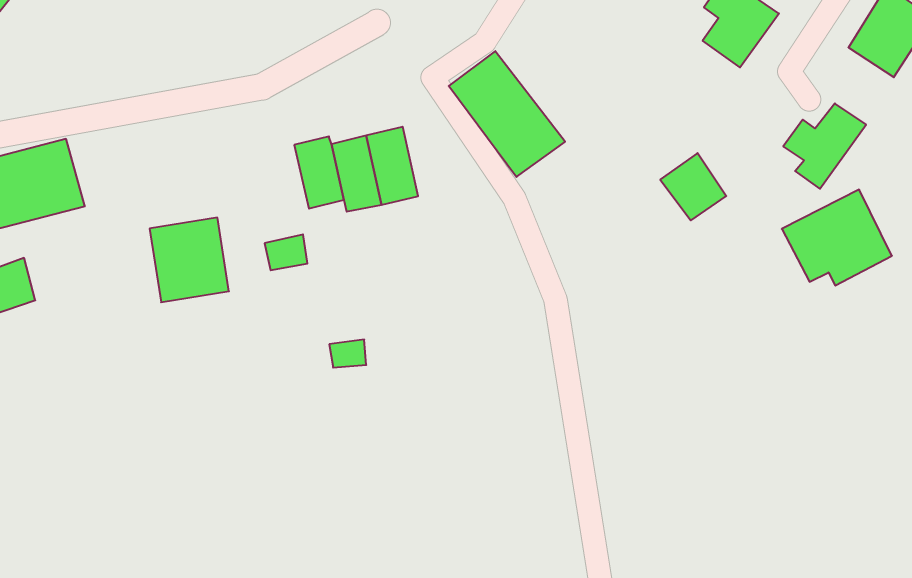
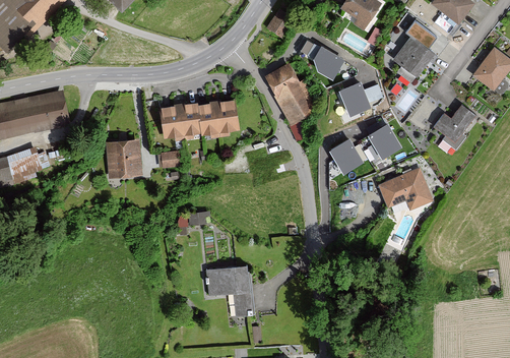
building: none -> [313,46,344,80]
building: none -> [339,81,372,116]
building: none -> [160,103,185,139]
building: none -> [330,137,364,174]
building: [782,190,892,286] -> [377,165,433,214]
building: none -> [204,262,251,317]

